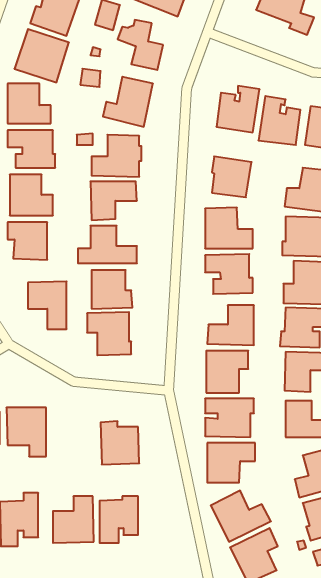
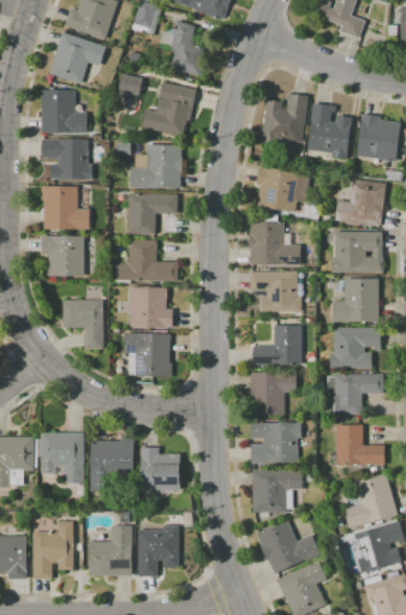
building: none -> [90,438,135,490]

